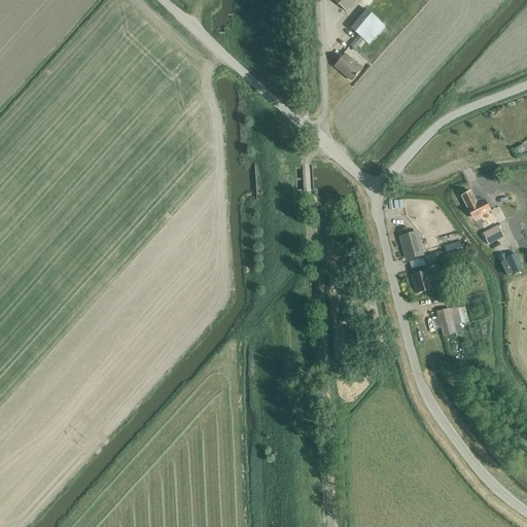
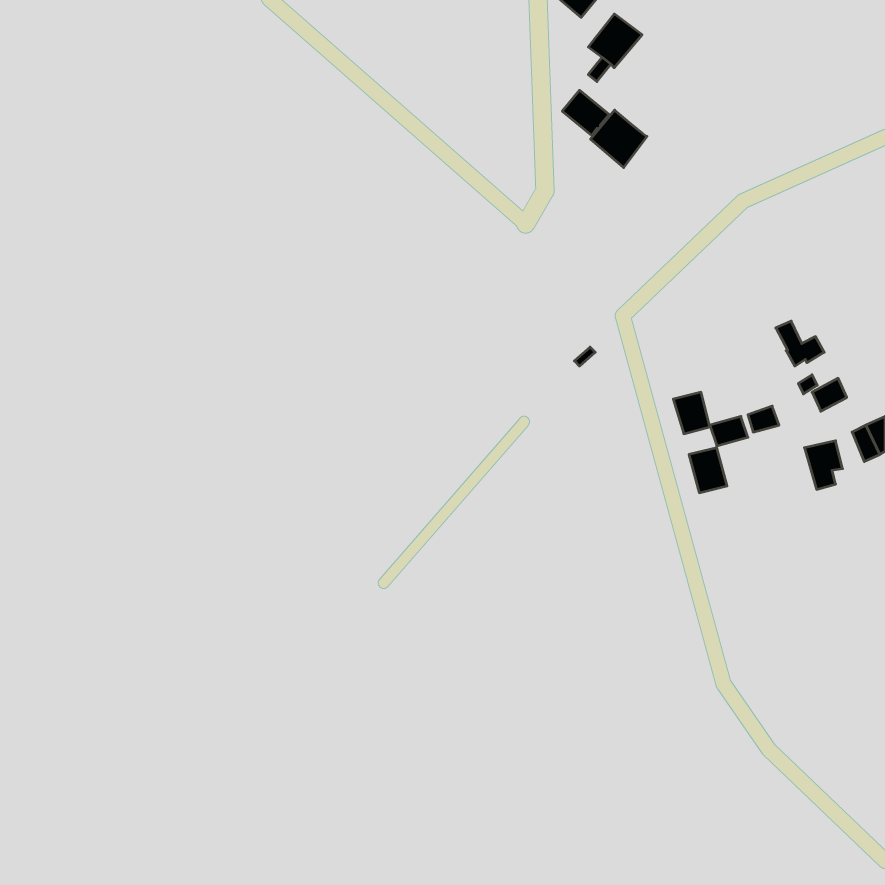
building: none -> [591,110,647,168]
building: [435,307,458,336] -> [804,441,843,489]

